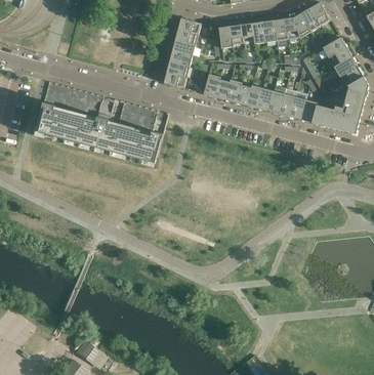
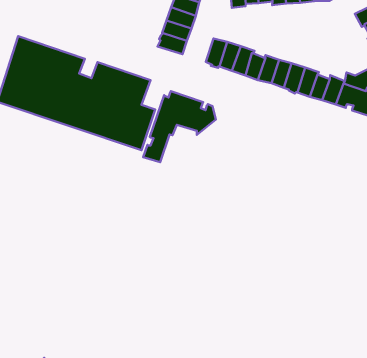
building: none -> [143,91,216,162]

